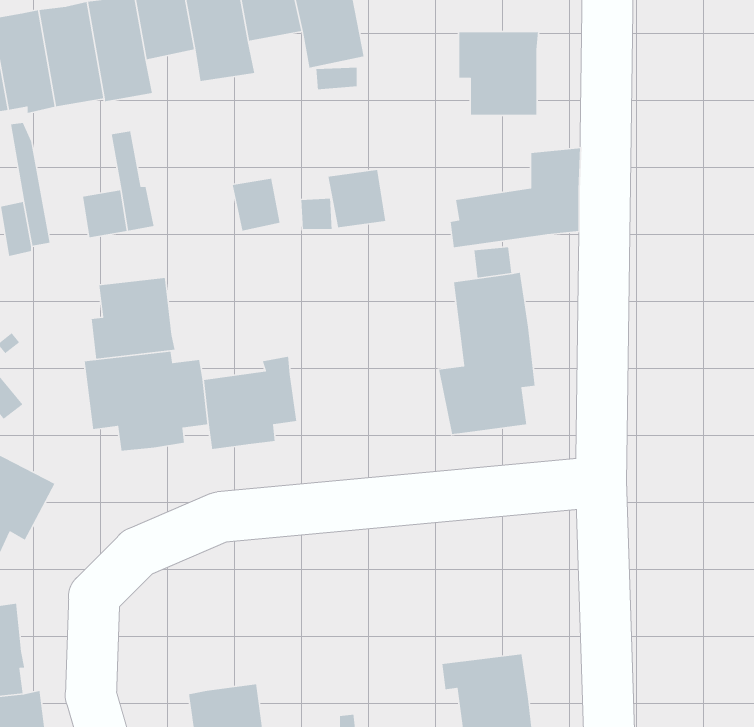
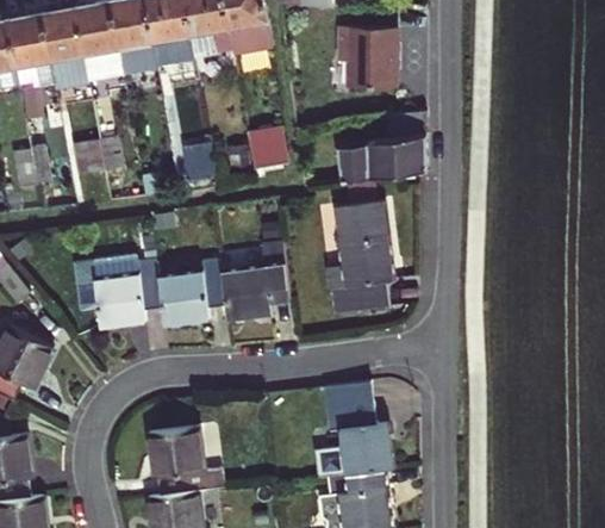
building: [91,277,176,360] -> none
building: none -> [220,241,291,321]
building: none -> [322,380,394,478]
building: none -> [149,425,224,496]

